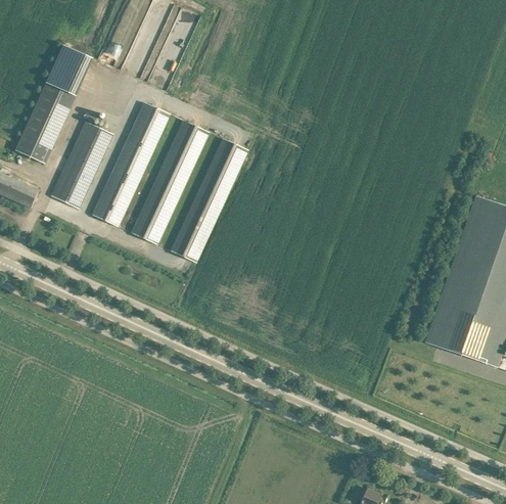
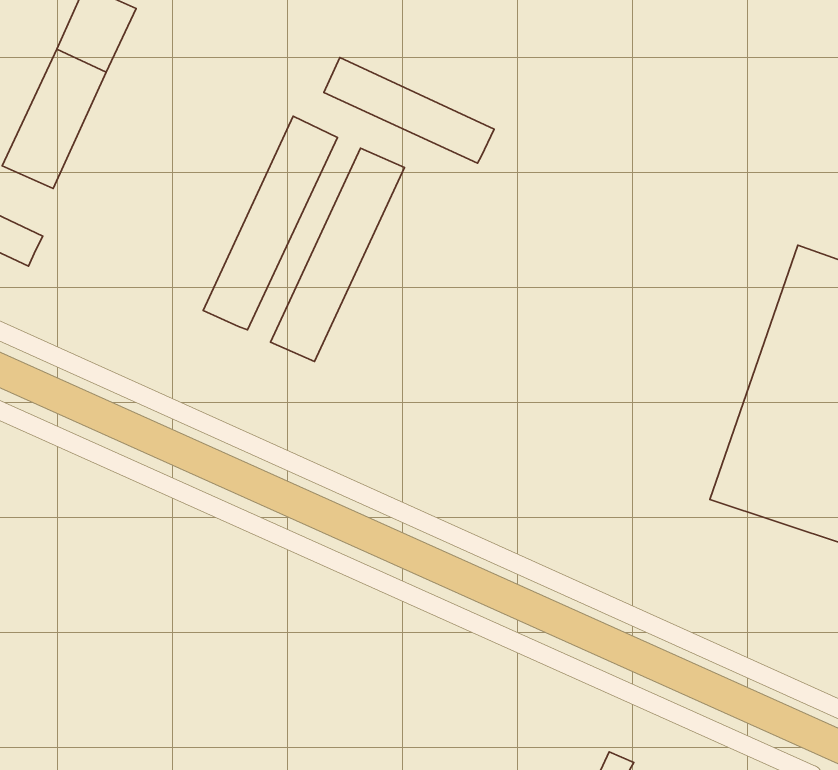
building: none -> [324,57,494,163]
building: [92,102,169,227] -> none
building: [50,122,112,209] -> none

